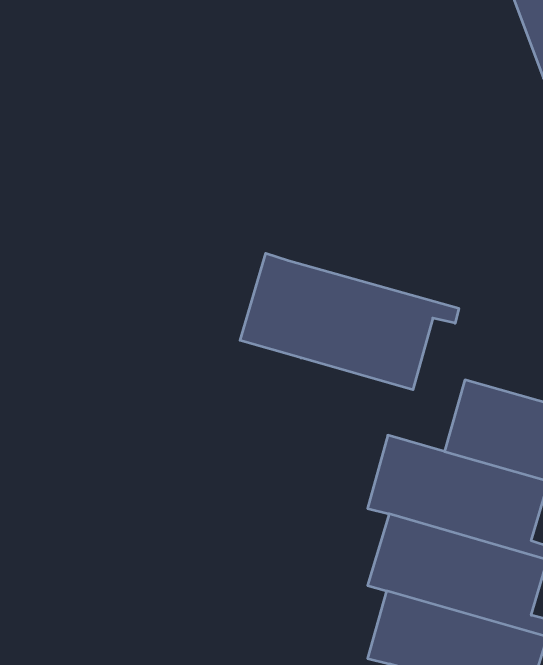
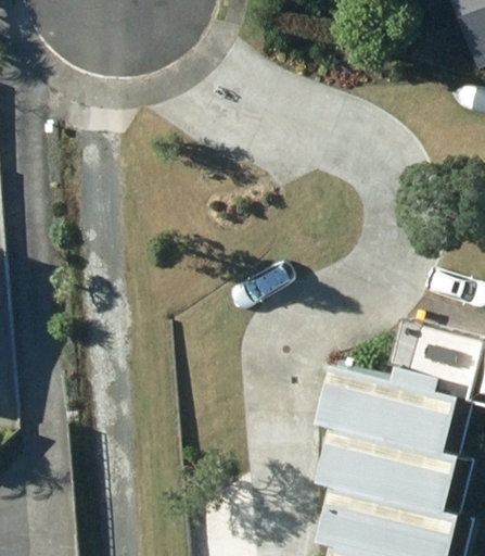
building: [240,253,459,390] -> none

